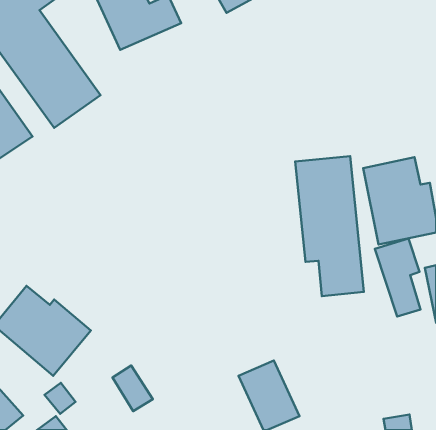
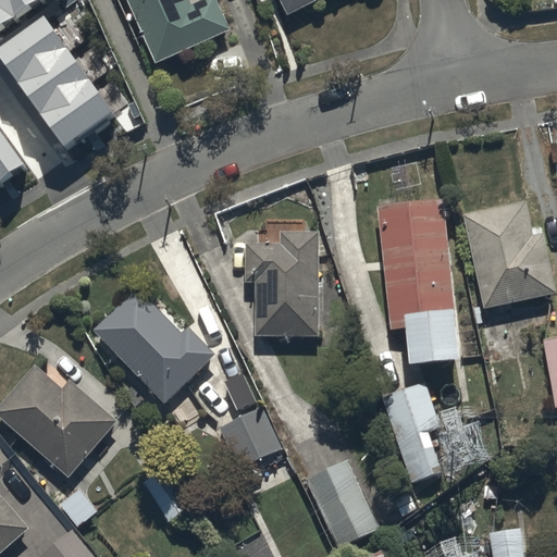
building: none -> [244,232,319,337]
building: none -> [90,286,213,404]
building: [375,238,420,317] -> [383,382,441,481]
building: none -> [218,405,283,479]

